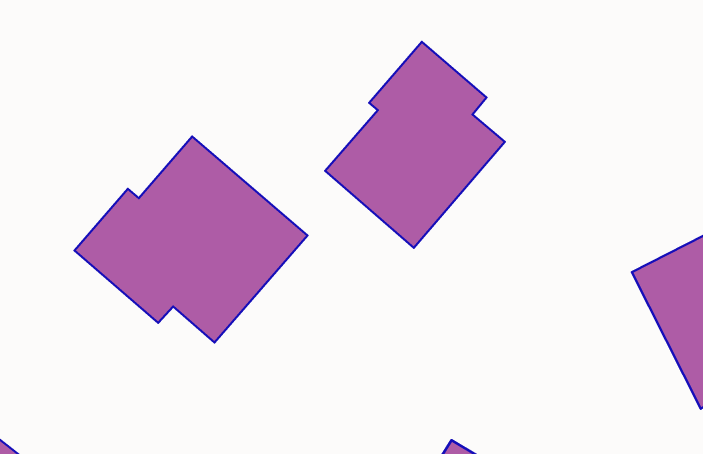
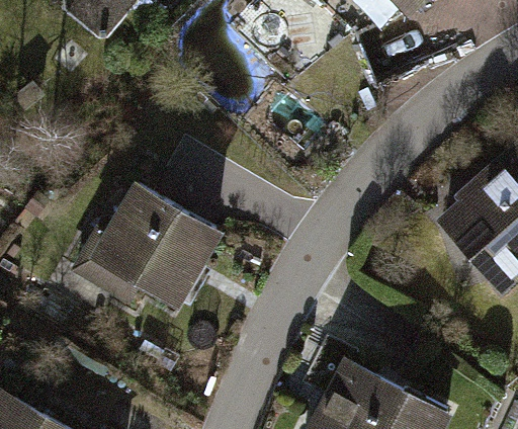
building: [325,42,505,248] -> none

